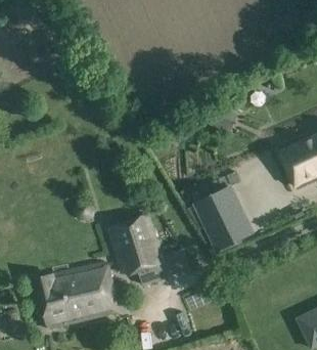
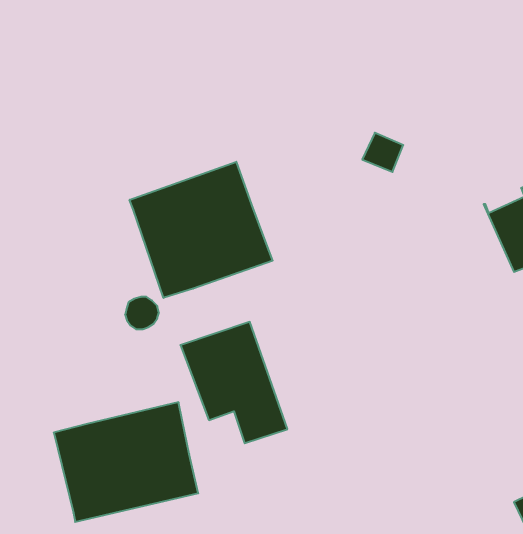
building: none -> [130,162,273,298]
building: [193,188,253,254] -> none

